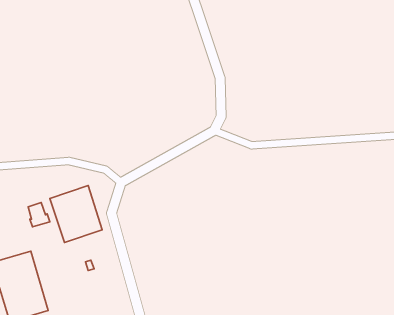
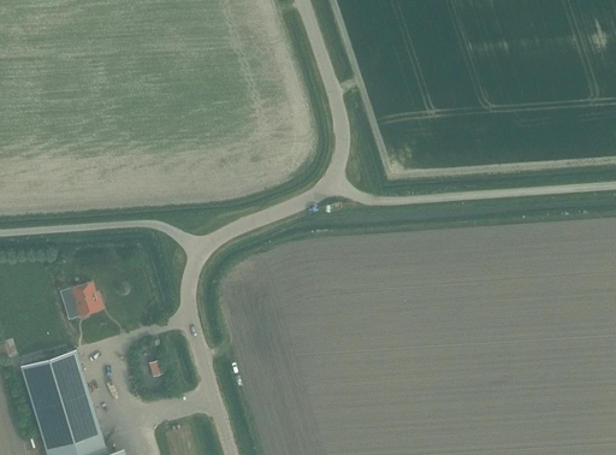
building: [50,186,102,242] -> none

